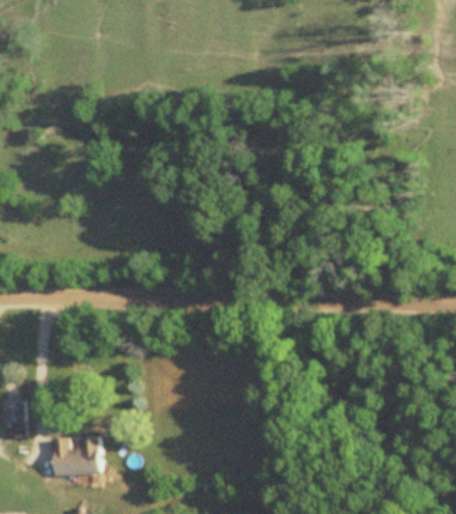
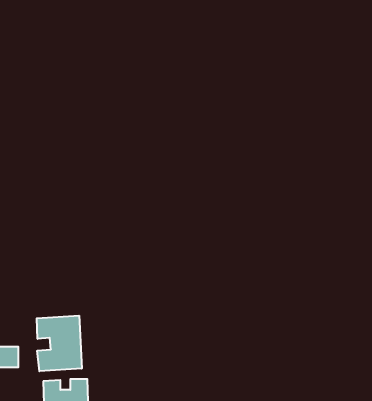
building: none -> [37,316,82,371]

